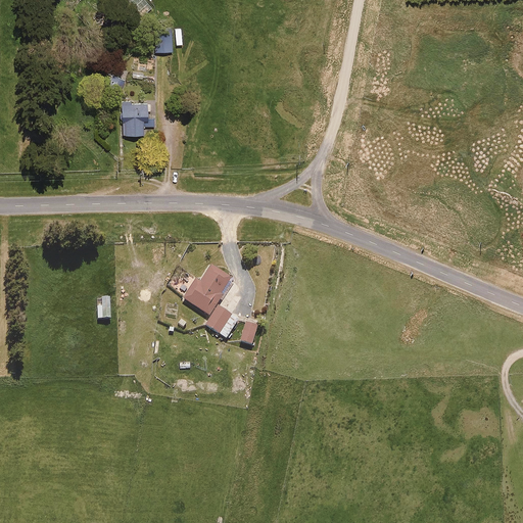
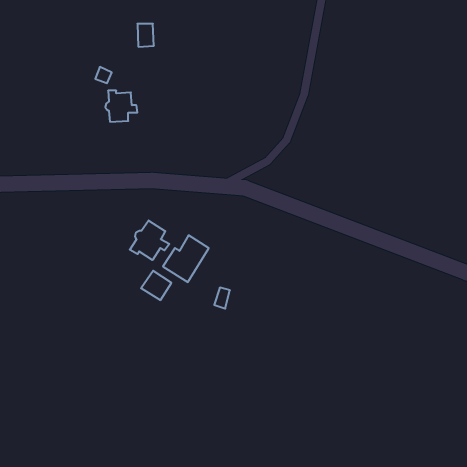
building: none -> [130,220,169,260]
building: [204,304,238,337] -> [141,271,171,300]

